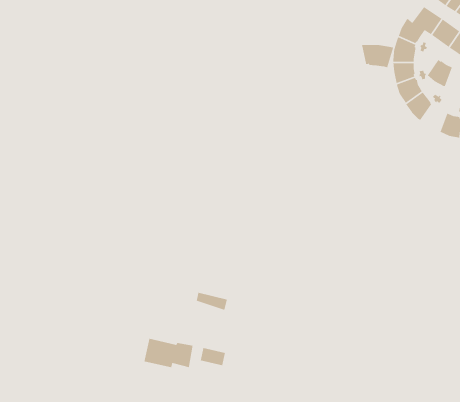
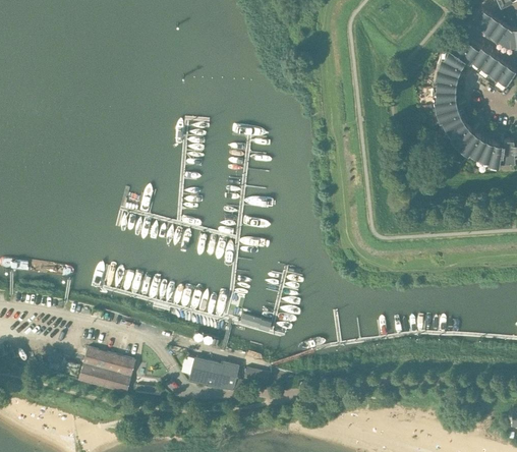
building: [361,44,394,68] -> none
building: [427,59,453,87] -> [461,131,486,159]
building: none -> [79,348,135,394]

